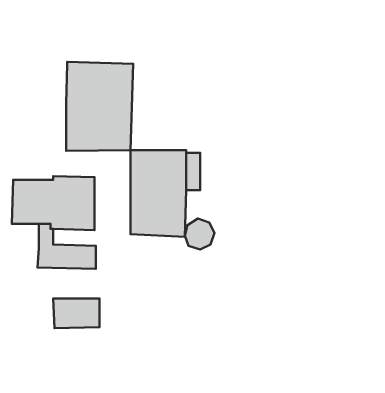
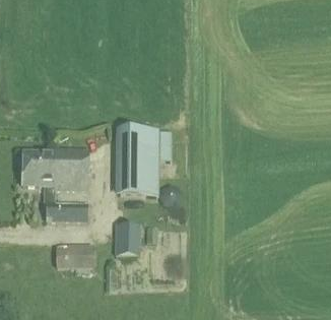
building: [66,62,133,151] -> none
building: none -> [115,222,141,255]

